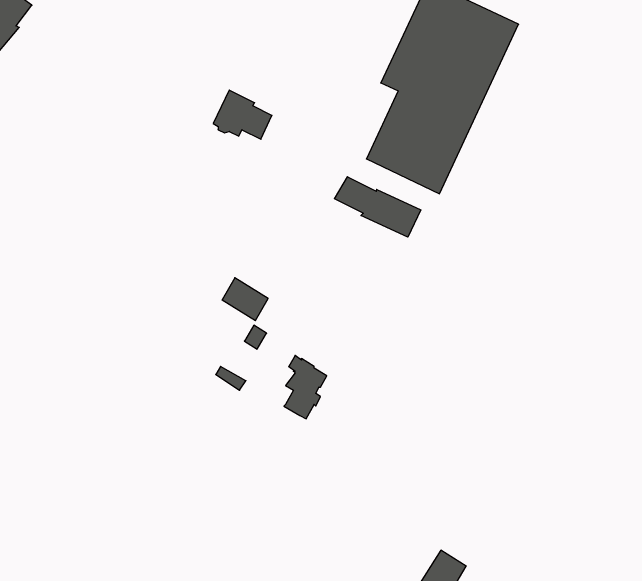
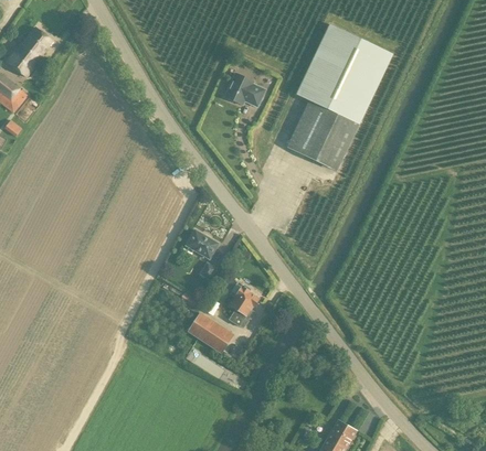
building: [213,90,272,139] -> [224,73,265,107]
building: [334,177,421,237] -> none
building: none -> [189,313,234,353]

